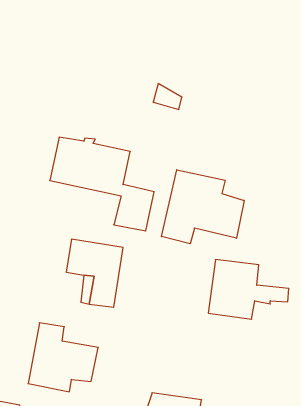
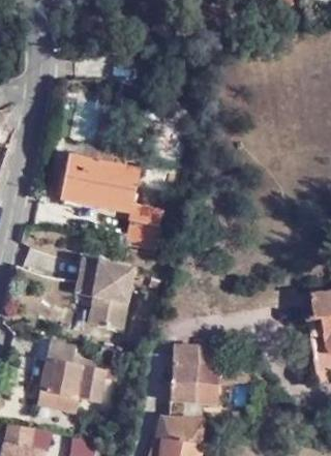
building: [161,170,244,244] -> none
building: [208,260,289,319] -> [175,344,255,404]

